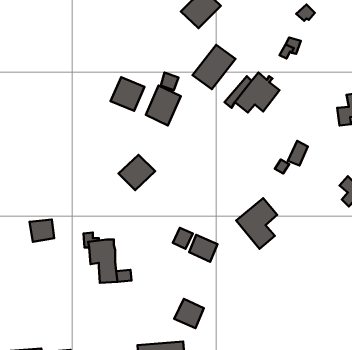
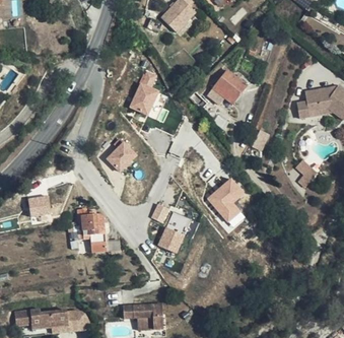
building: [193,45,236,89] -> none
building: [110,77,145,111] -> none
building: [174,299,204,328] -> [159,227,185,253]

